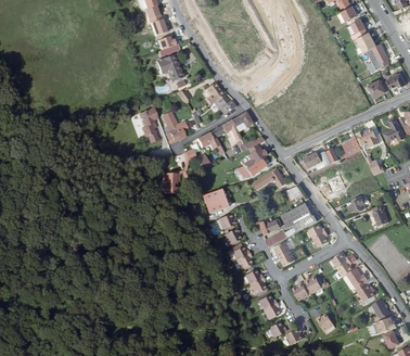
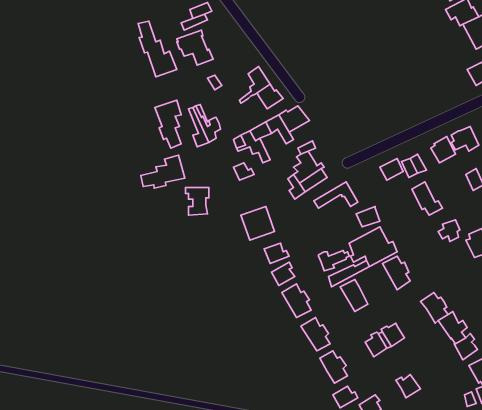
building: none -> [138,21,177,77]
building: none -> [141,155,185,188]

